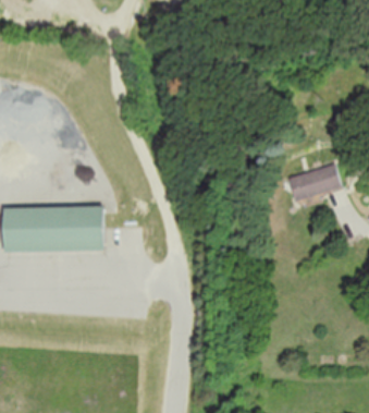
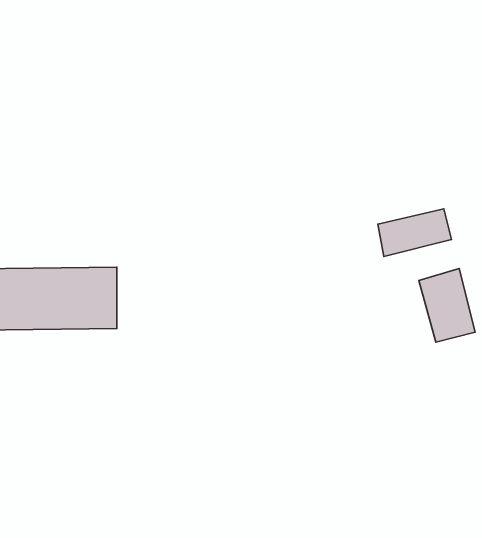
building: none -> [419,269,475,342]

